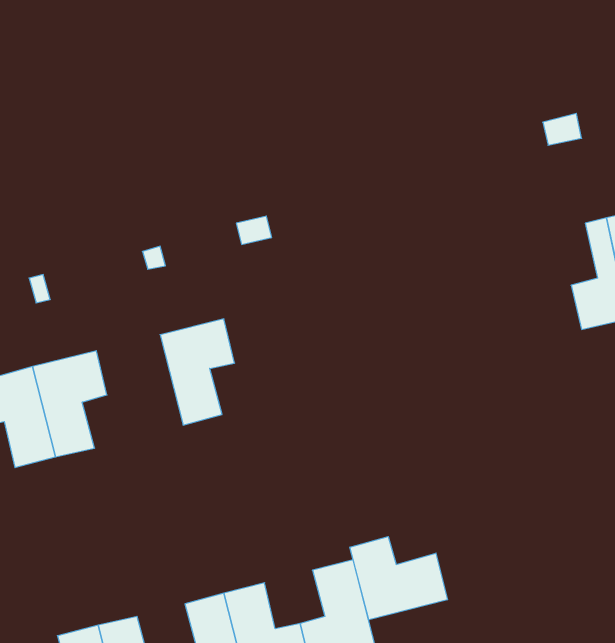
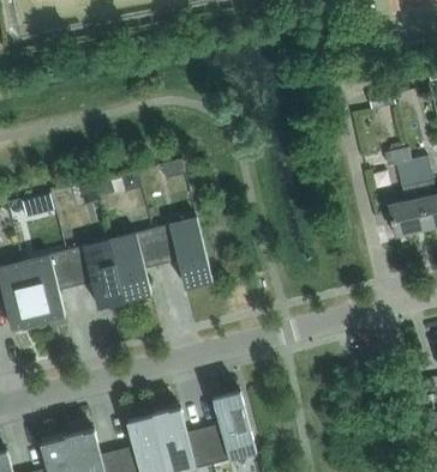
building: none -> [154,218,212,285]
building: none -> [67,240,126,308]
building: [350,537,448,620] -> none

